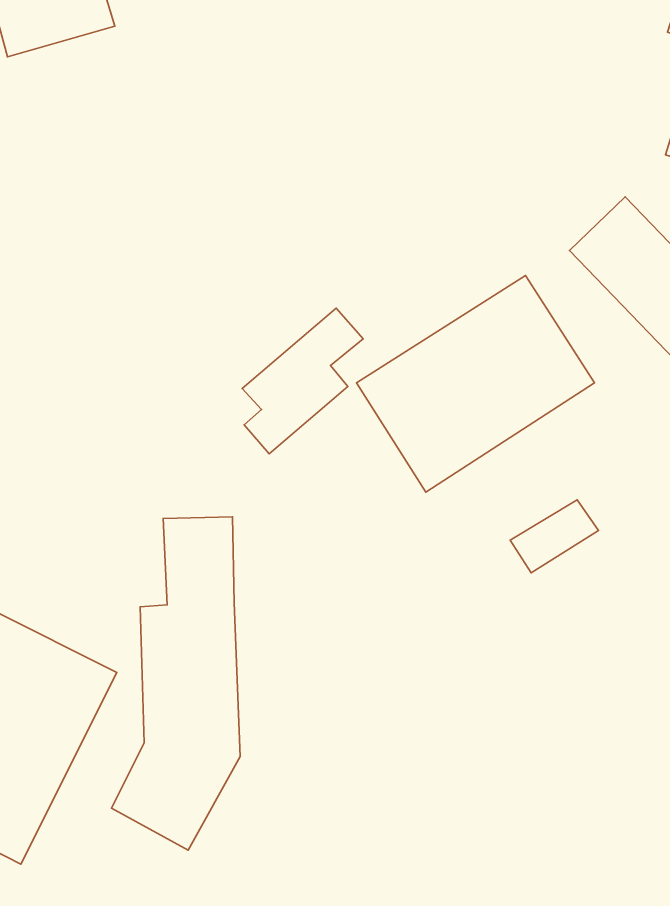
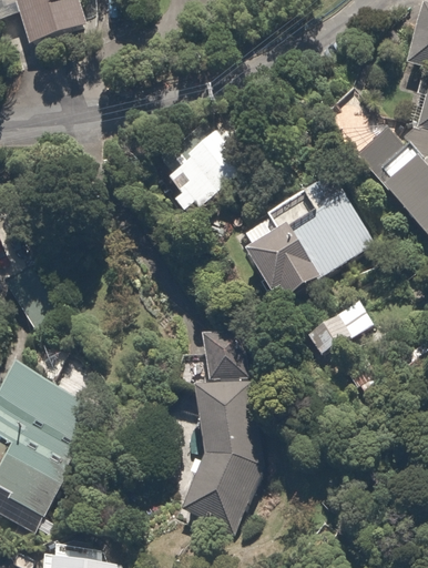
building: [242,308,363,454] -> [166,130,236,214]
building: [111,517,240,850] -> [181,332,255,525]

